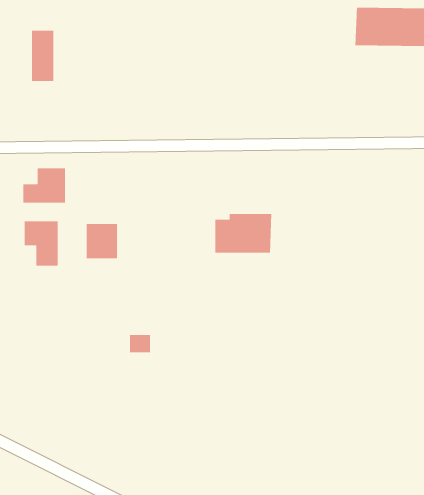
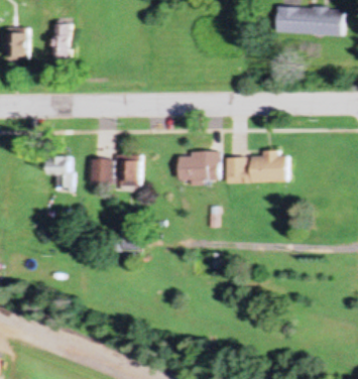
building: [22,168,66,204] -> none
building: none -> [228,150,289,182]
building: none -> [119,157,139,185]

